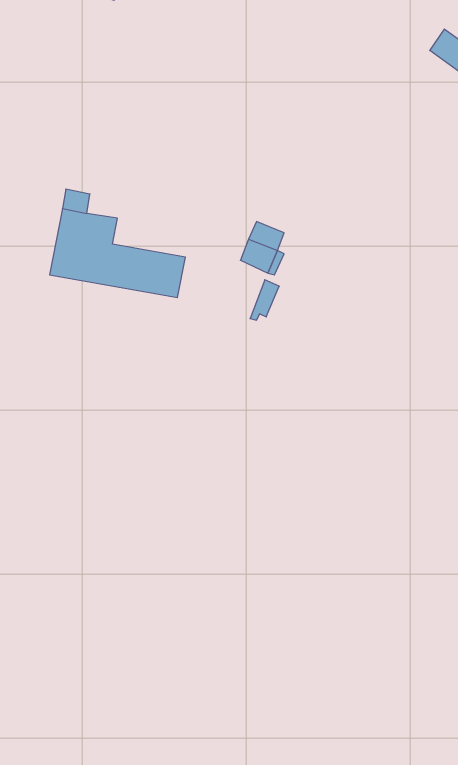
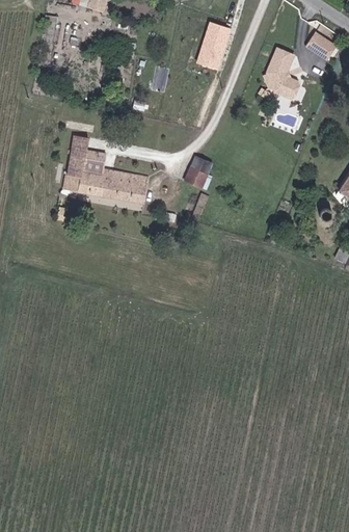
building: none -> [197,19,234,69]
building: none -> [263,49,297,100]

